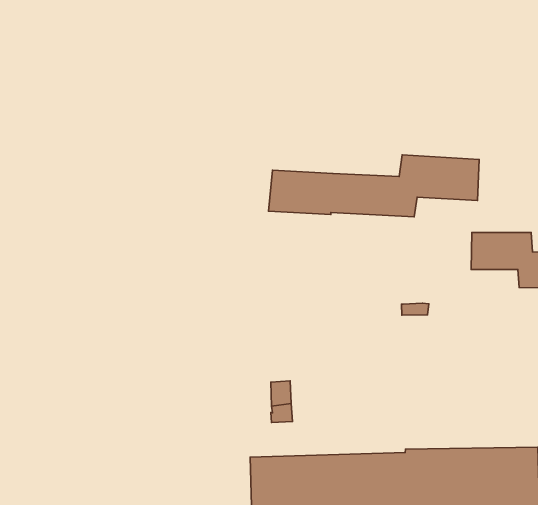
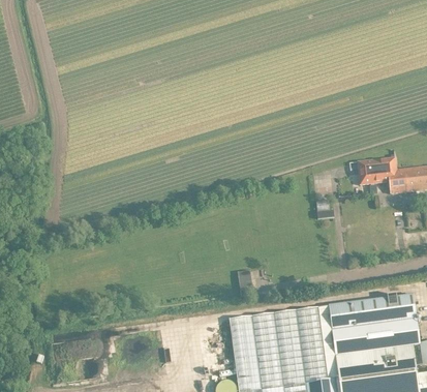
building: [268,155,479,217] -> none

